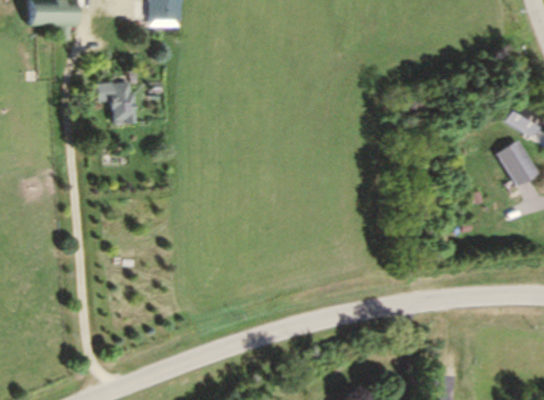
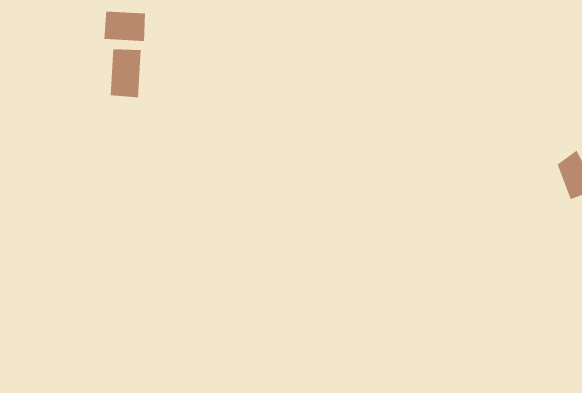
building: none -> [104,11,146,42]

